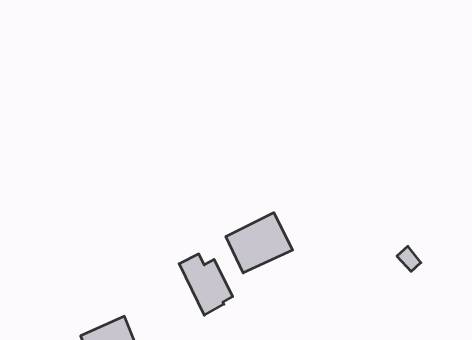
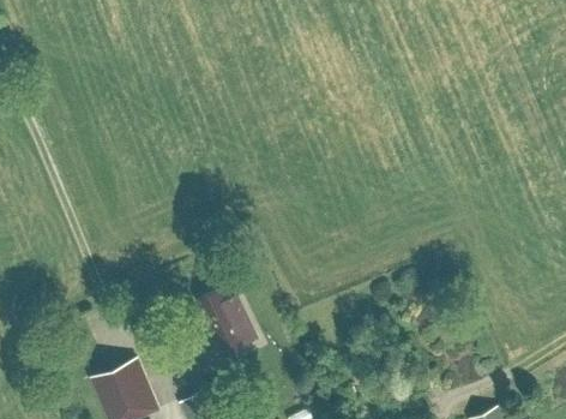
building: [226,213,293,273] -> none

